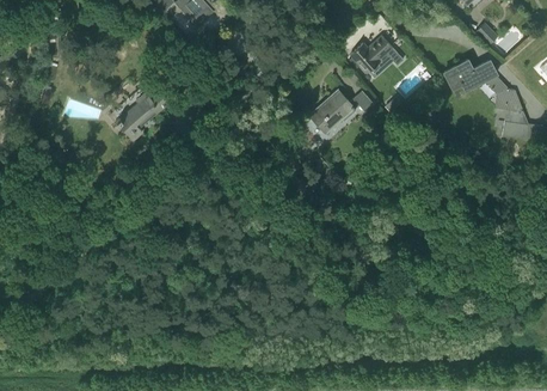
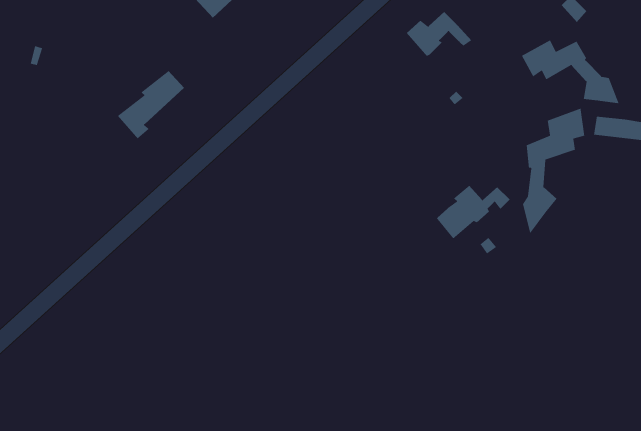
building: [309,90,371,134] -> [434,185,511,239]
building: none -> [522,108,585,235]

